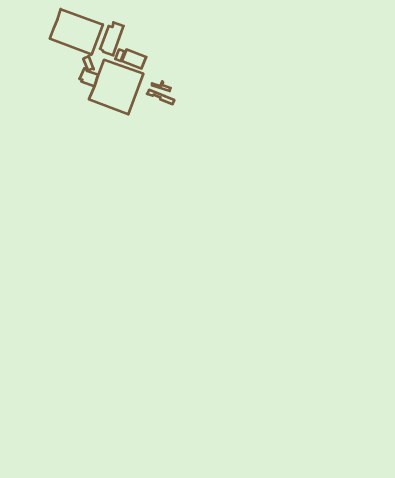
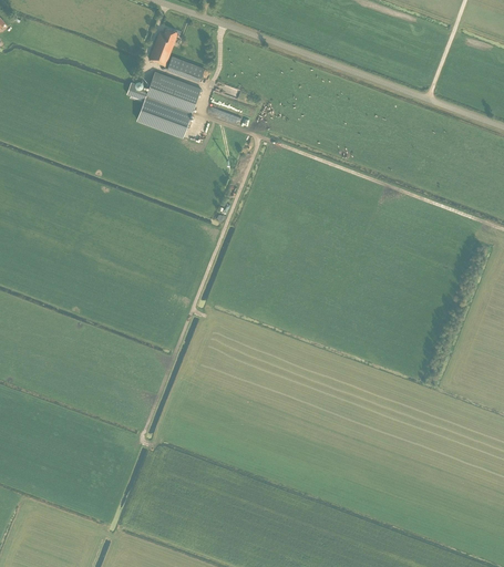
building: [50,9,103,55] -> none

